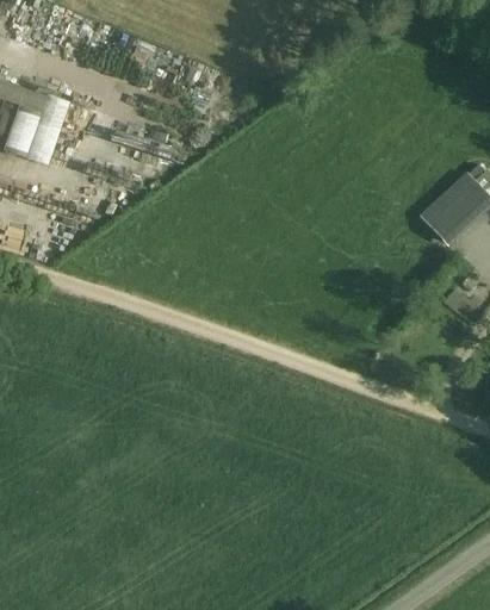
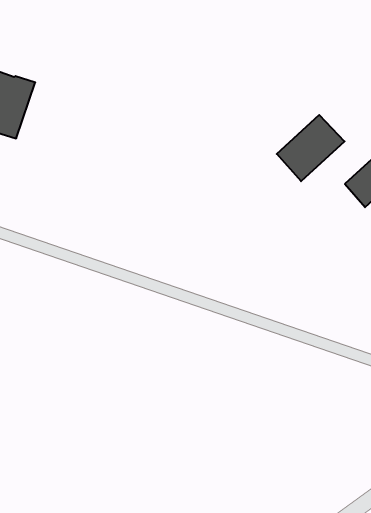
building: none -> [277,115,345,181]

